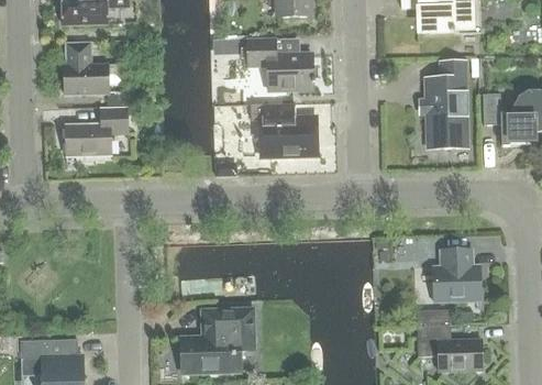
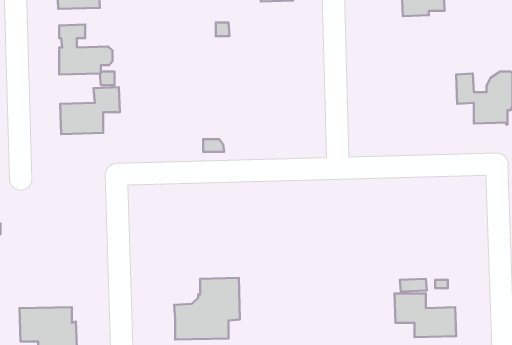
building: [246,38,312,90] -> none
building: [425,60,466,147] -> none
building: [250,102,314,156] -> none
building: [432,249,479,300] -> none

